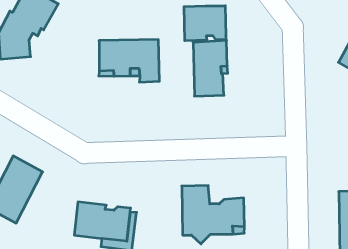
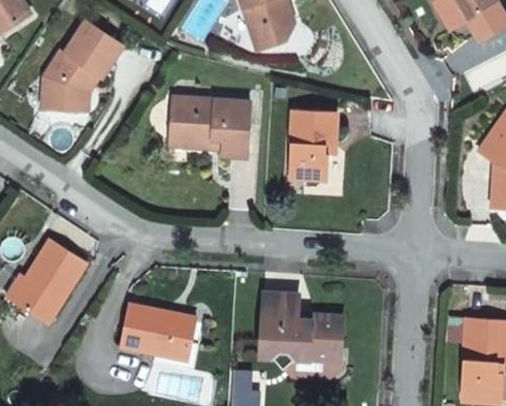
building: [184,6,226,41] -> none

